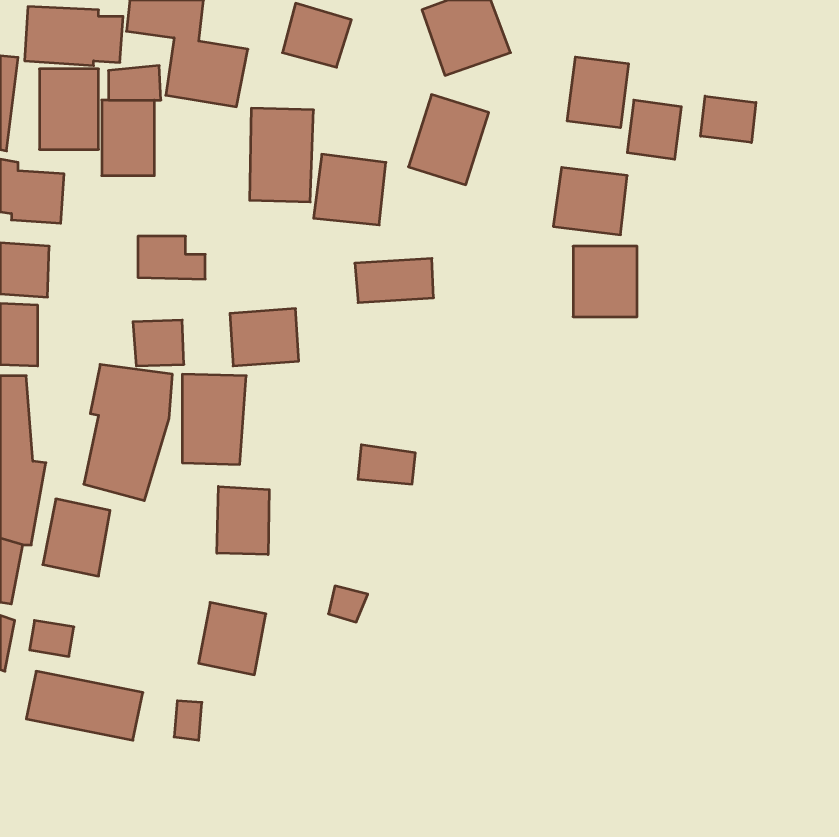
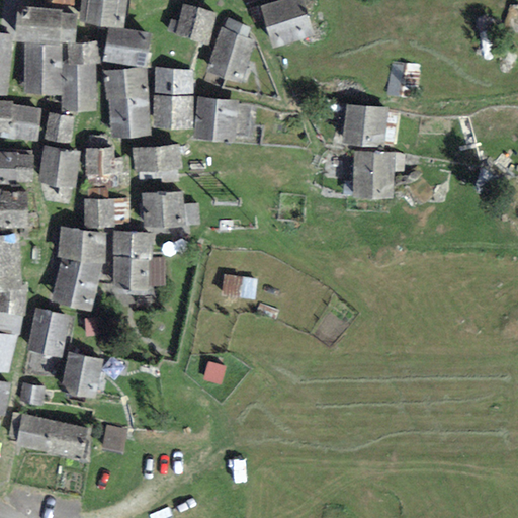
building: [567,57,628,128] -> none
building: [408,95,489,185] -> [205,27,255,83]
building: [701,96,756,143] -> none
building: none -> [105,69,152,135]
building: none -> [37,112,81,187]
building: [355,258,434,303] -> [132,144,180,171]
building: [217,486,269,555] -> none
building: [199,602,266,675] -> [60,351,101,396]

